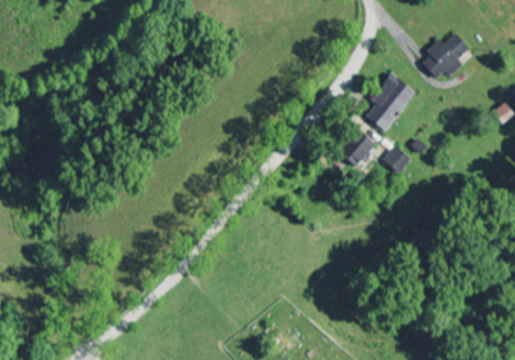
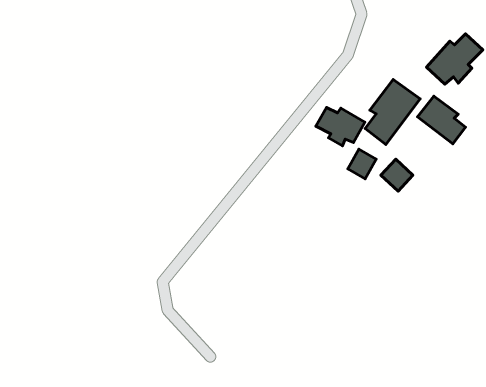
building: none -> [418,96,466,144]
building: none -> [316,107,365,146]

